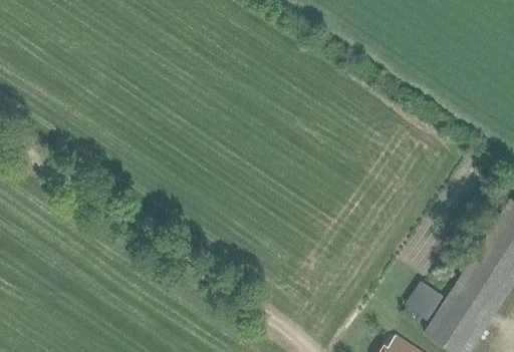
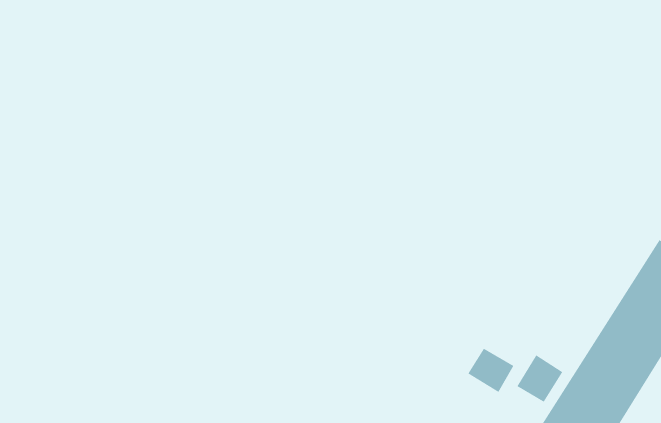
building: none -> [468,348,514,393]

